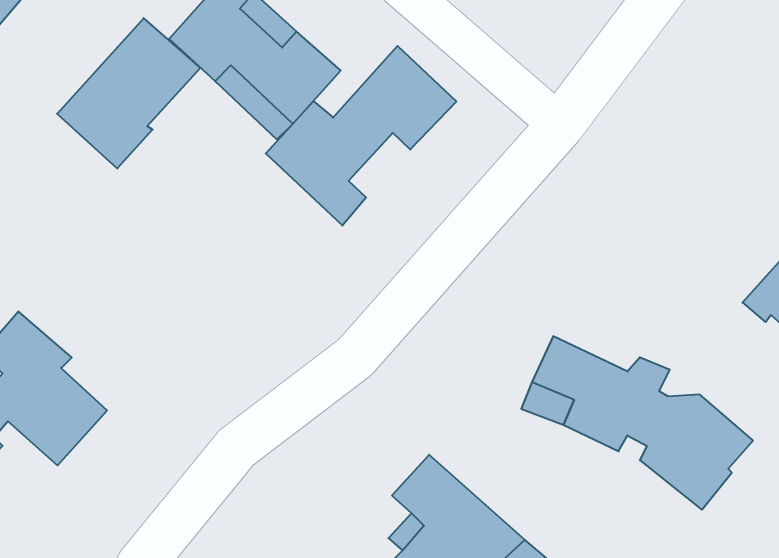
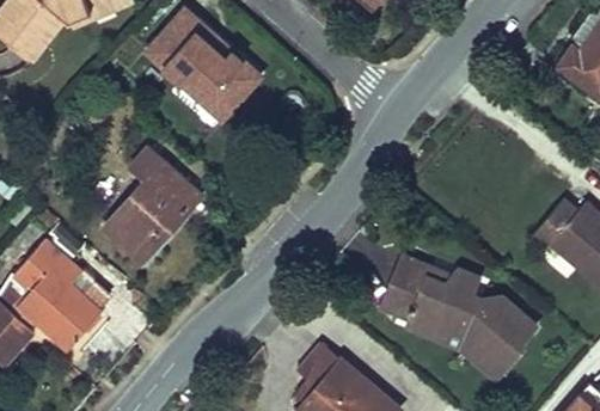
building: [57,18,200,169] -> [103,160,200,262]
building: [266,46,456,226] -> none
building: none -> [409,318,507,382]

